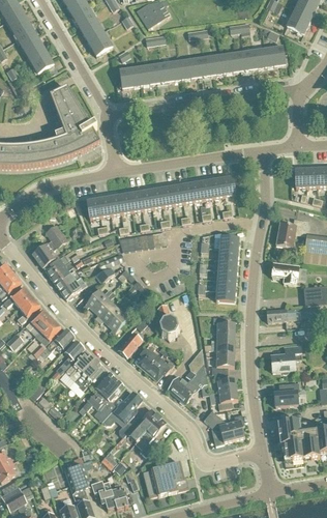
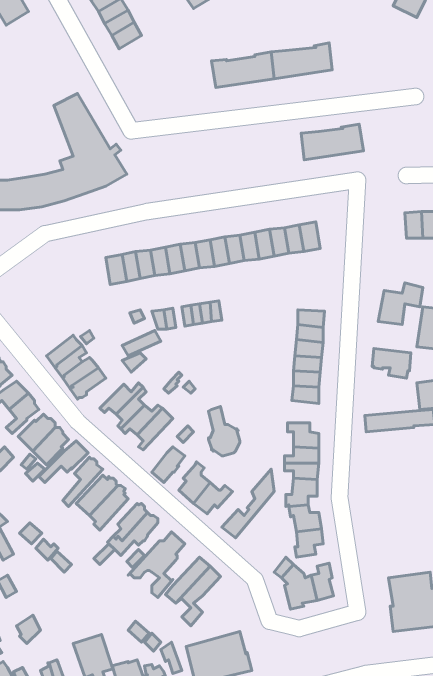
building: [17,29,53,73] -> none
building: [241,45,285,69] -> [301,124,364,160]
building: [119,63,162,87] -> none
building: [32,224,66,266] -> none
building: [270,344,301,372] -> none
building: [176,363,208,402] -> none
building: [273,381,298,405] -> none

